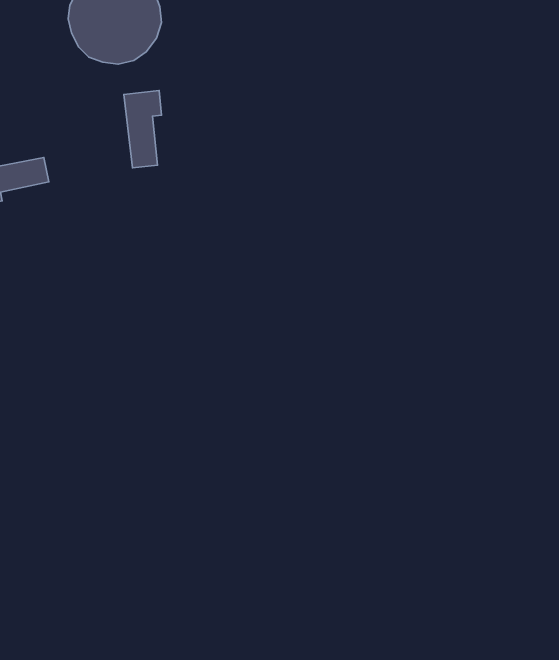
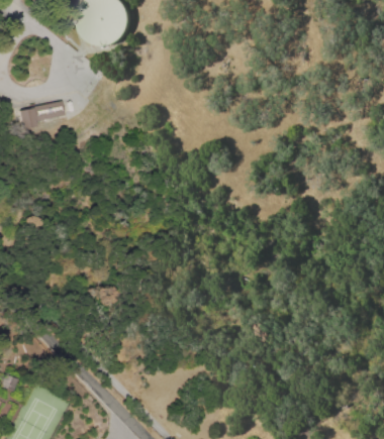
building: [124,90,161,168] -> none

